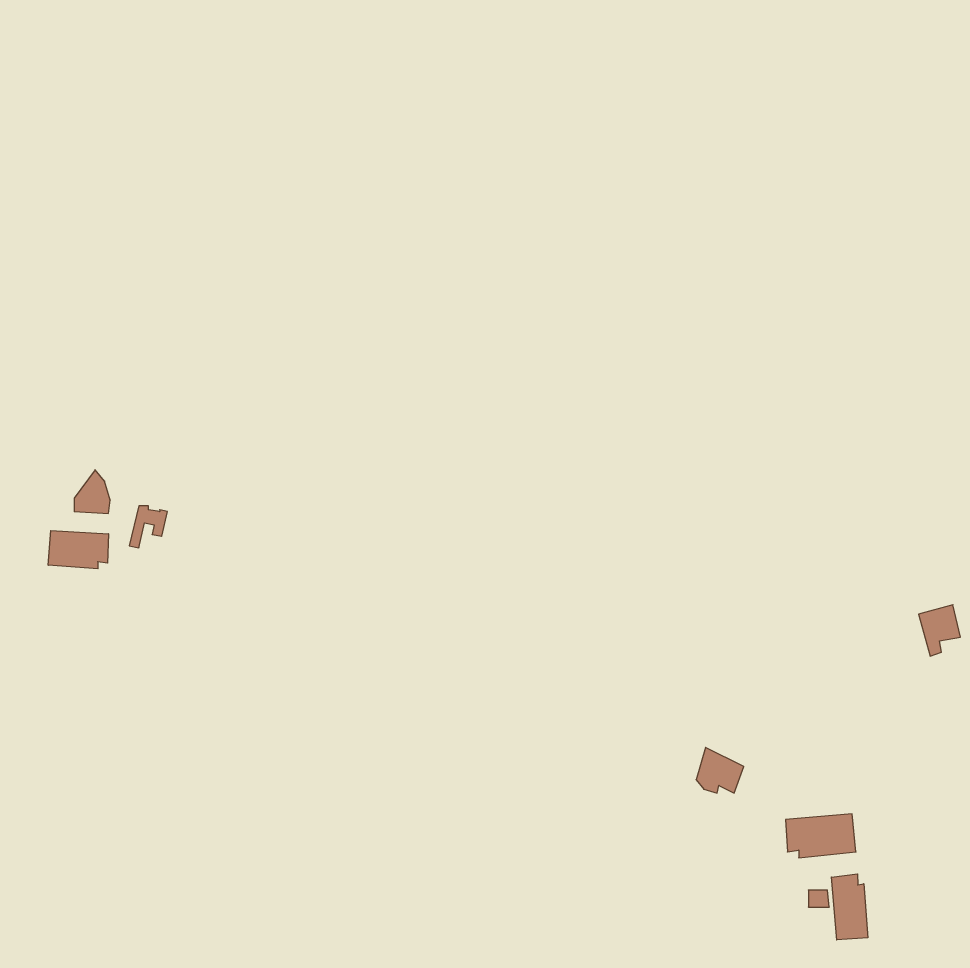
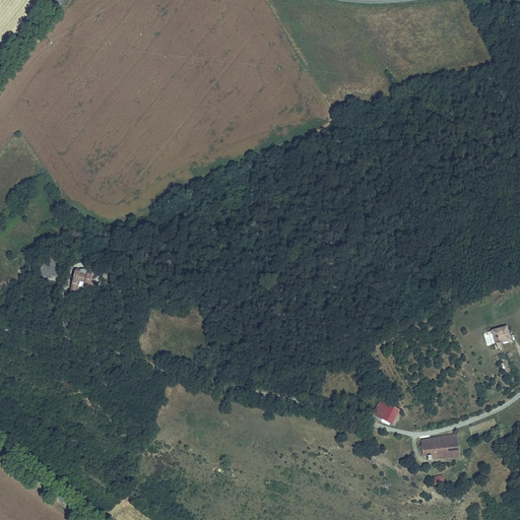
building: [48,531,108,569] -> none
building: [831,874,868,940] -> none

